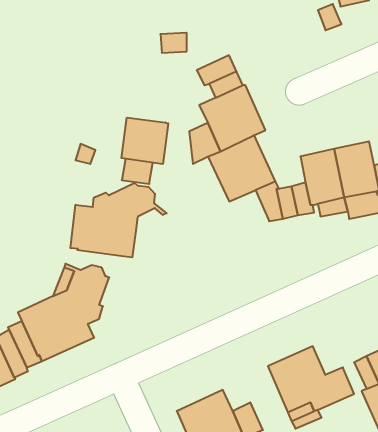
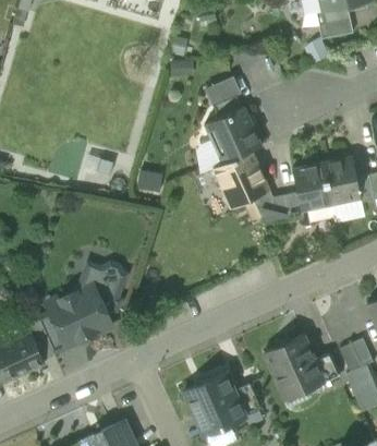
building: [121,118,168,164] -> none
building: [70,183,167,257] -> none

